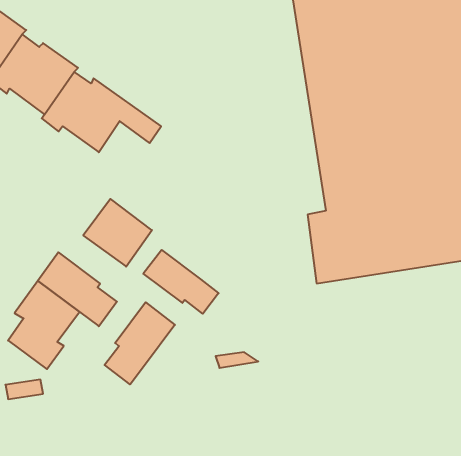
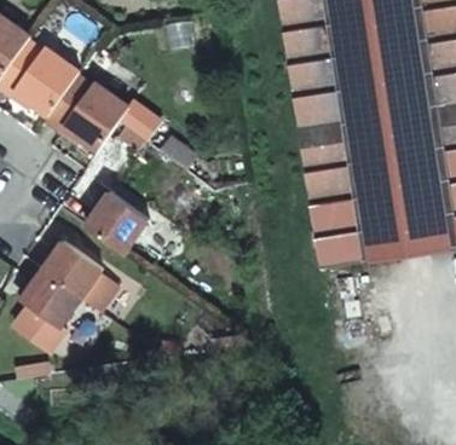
building: [143,250,219,314] -> none
building: [105,302,175,384] -> none

